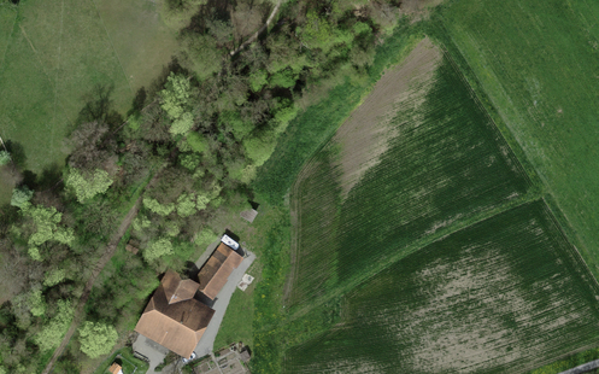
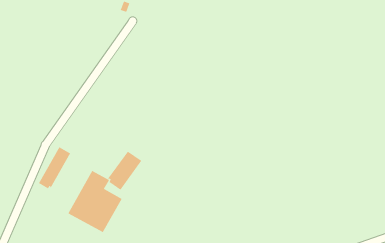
building: none -> [38,147,71,189]

